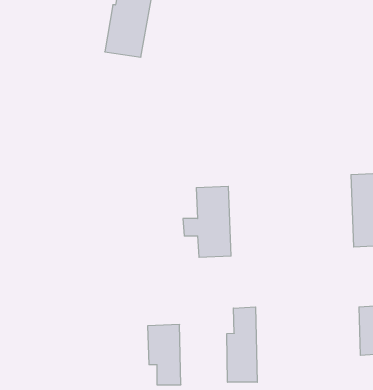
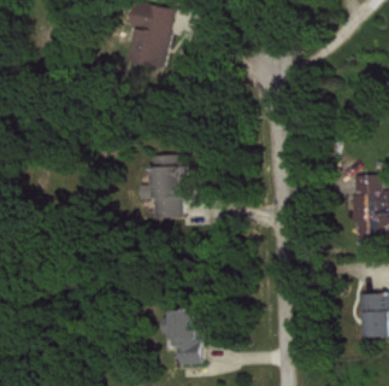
building: [183,186,231,257] -> [140,154,183,218]
building: [227,307,257,382] -> none

